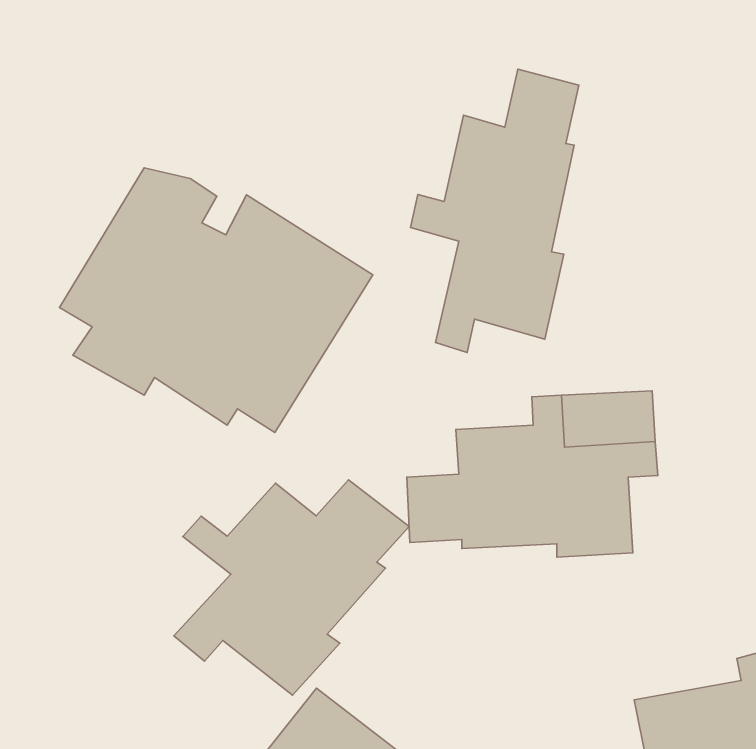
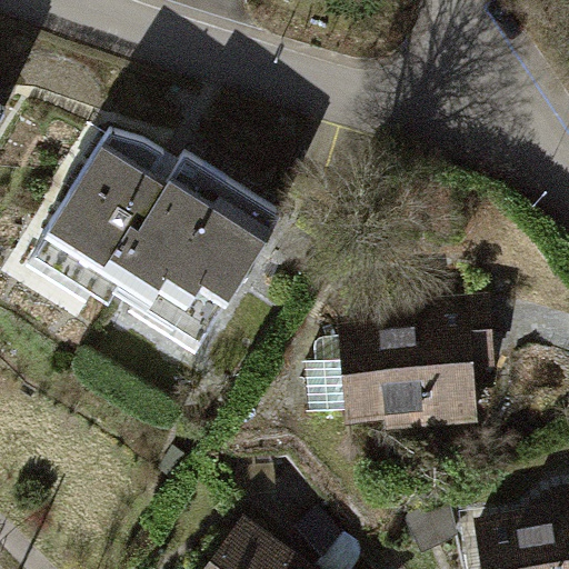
building: [411,69,579,352] -> none
building: [174,480,409,695] -> none

